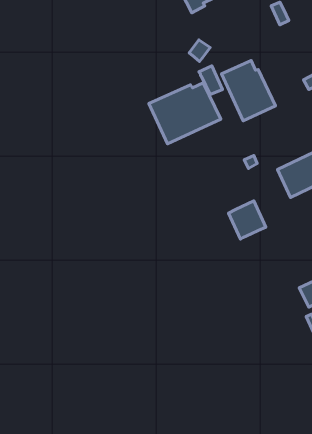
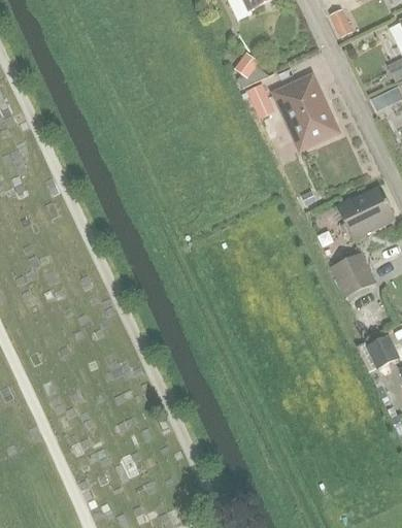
building: [149,83,221,144] -> none
building: [228,201,266,239] -> [330,250,374,295]

